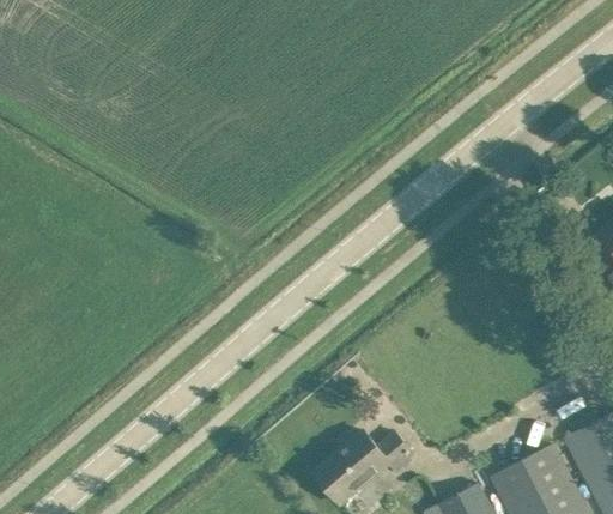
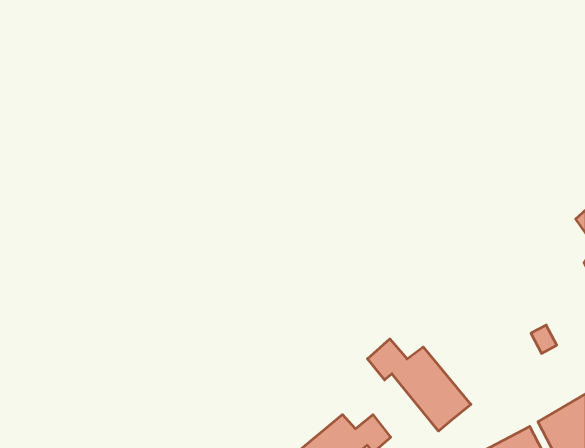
building: none -> [367,339,471,431]

